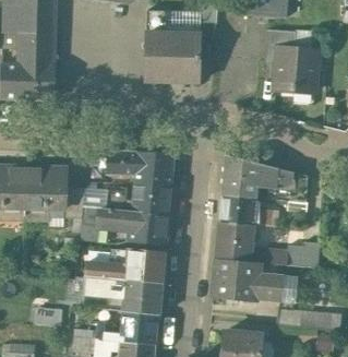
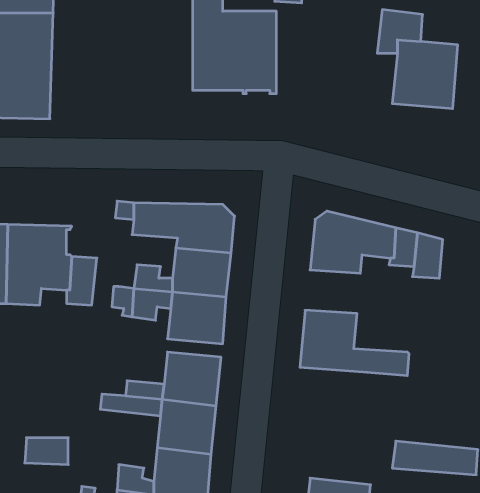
building: [219,198,255,226] -> none
building: [286,241,319,269] -> none
building: [213,261,283,301] -> none

